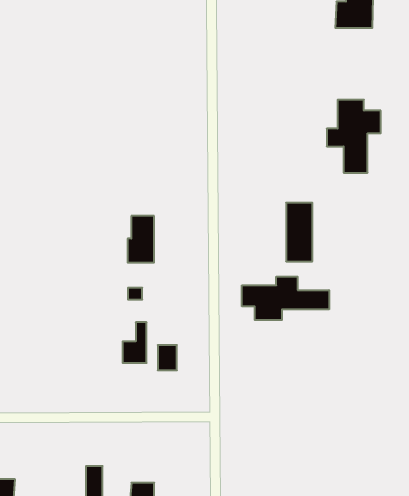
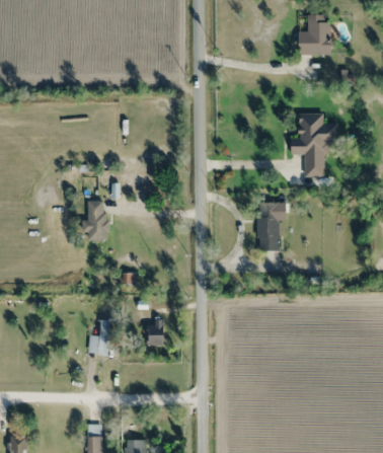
building: [128,216,154,263] -> [84,201,106,240]
building: [242,277,329,320] -> none
building: [123,322,147,363] -> [89,319,109,354]

